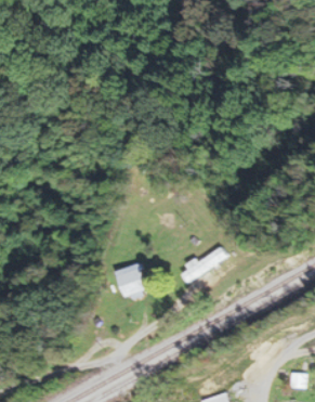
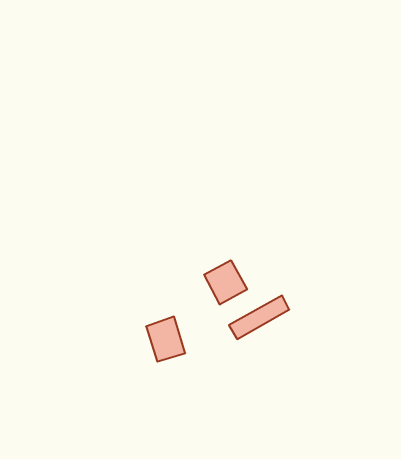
building: none -> [204,260,247,305]

